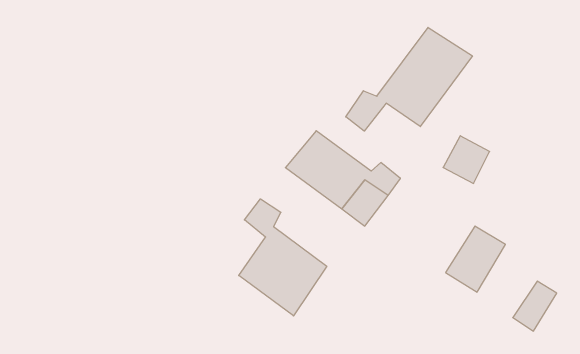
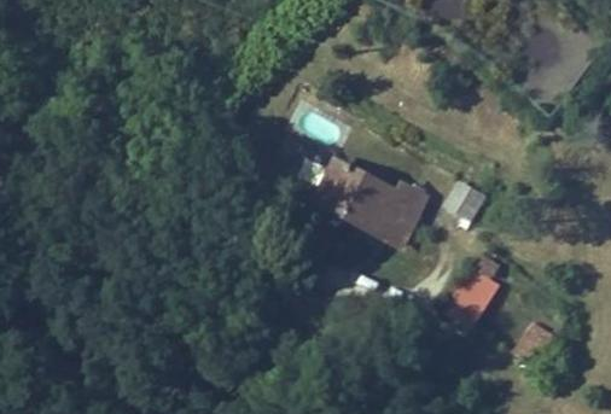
building: [346,27,472,131] -> none
building: [239,199,327,316] -> none

